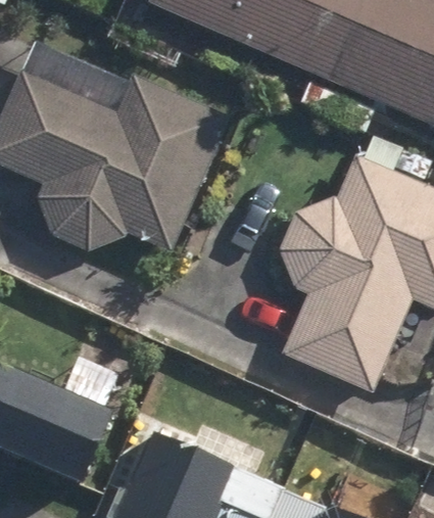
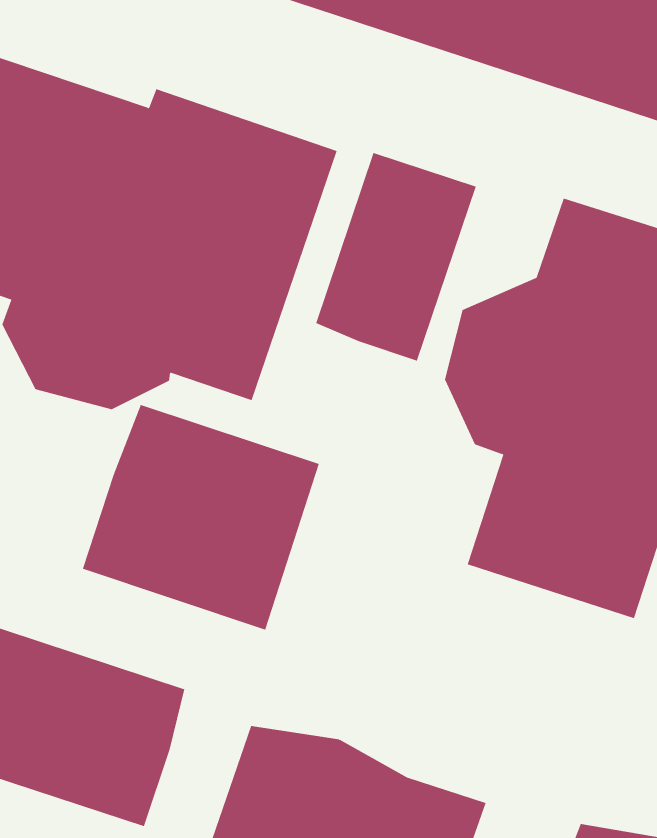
building: none -> [316,152,477,362]
building: none -> [82,404,320,631]

